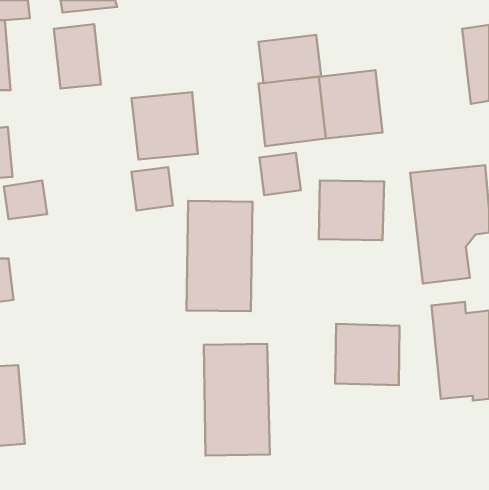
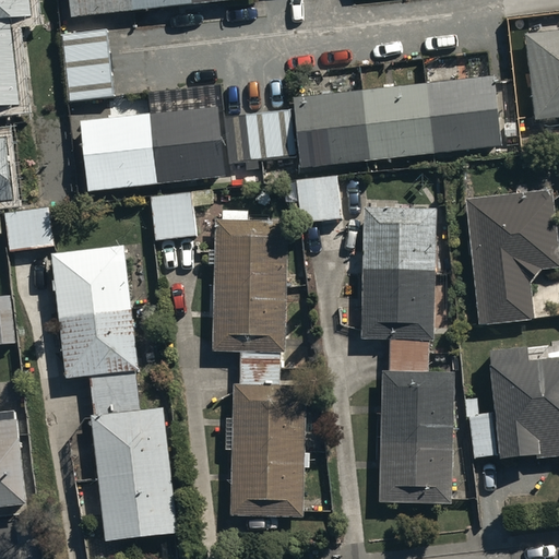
building: [259,35,321,83] -> [224,108,295,163]
building: none -> [427,74,502,152]
building: none -> [81,112,157,190]
building: none -> [56,253,176,549]
building: none -> [361,273,435,340]
building: none -> [379,437,453,502]

